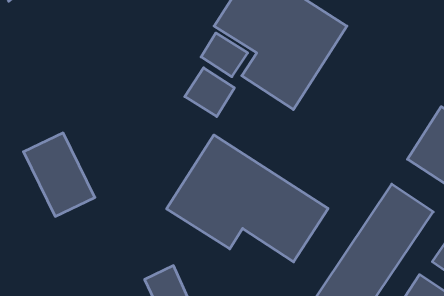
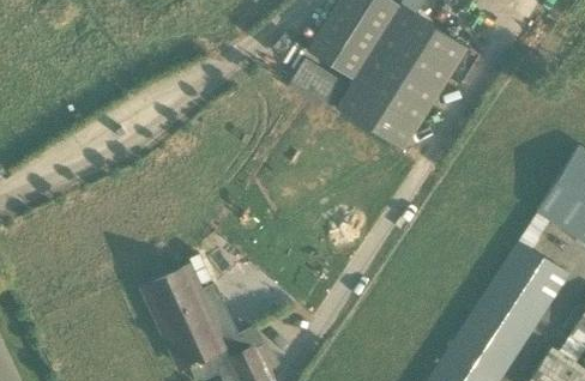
building: [185,68,234,117] -> none
building: [23,133,95,216] -> [141,266,228,367]
building: [167,135,328,262] -> none

